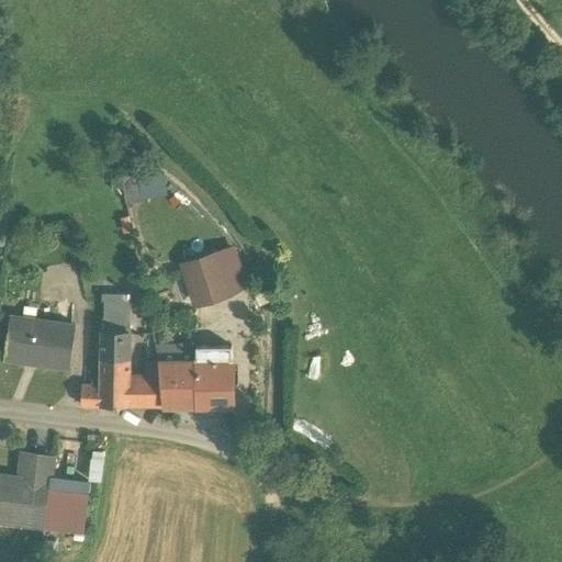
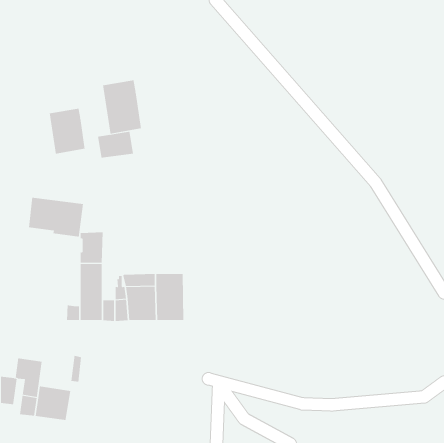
building: none -> [103,80,141,134]
building: none -> [49,108,85,154]
building: [186,255,231,304] -> none
building: [5,318,76,369] -> [28,197,84,237]

